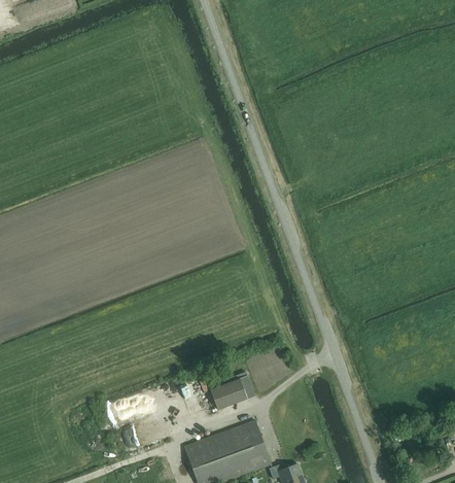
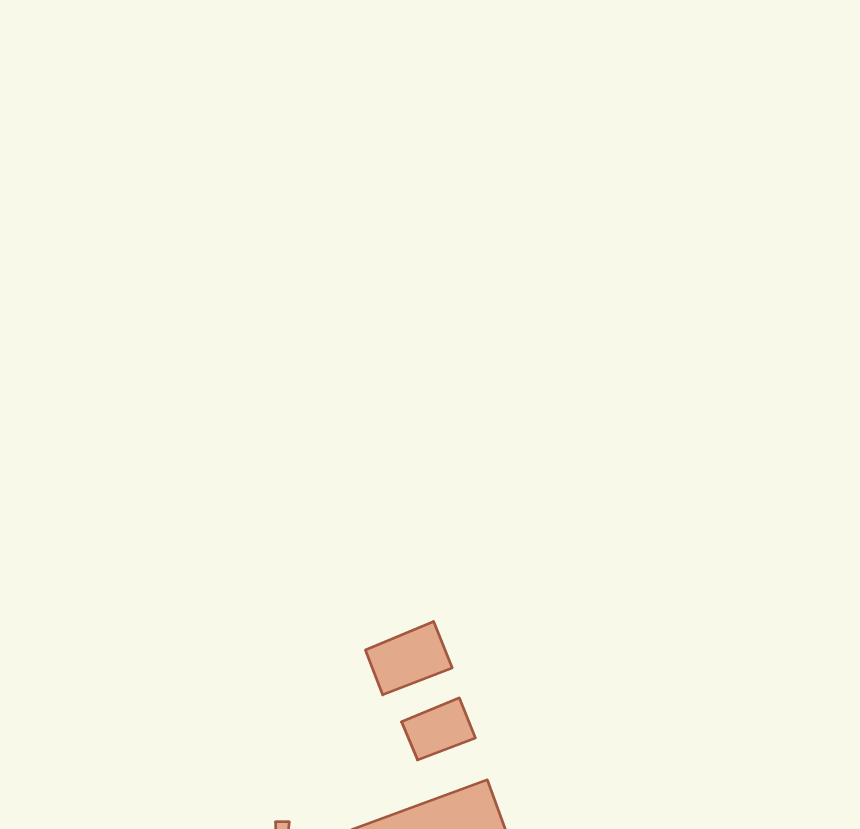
building: none -> [366,621,452,695]

